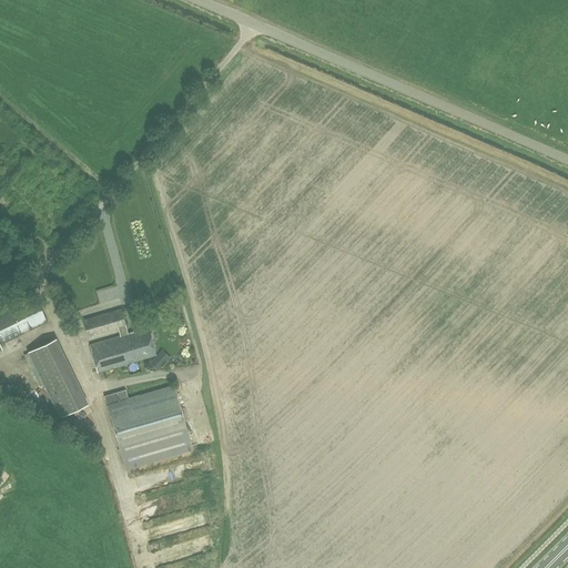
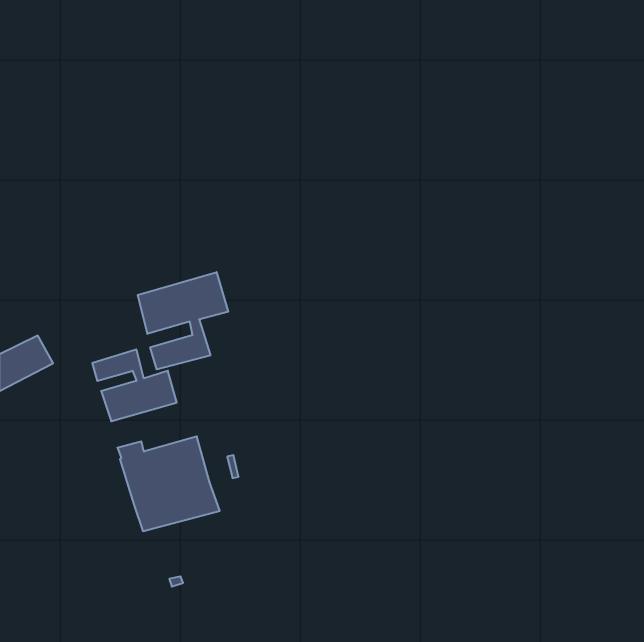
building: none -> [138,272,228,369]
building: [27,336,87,416] -> none

